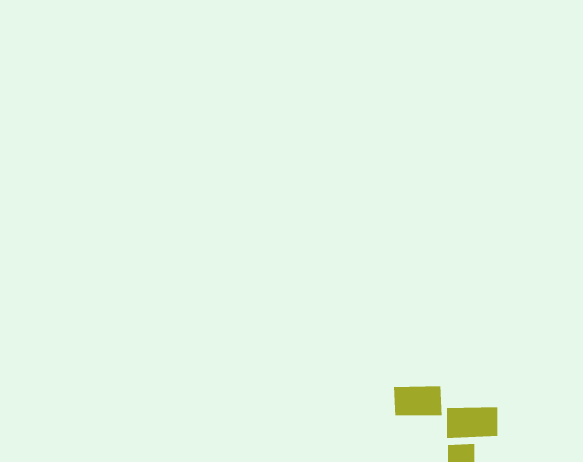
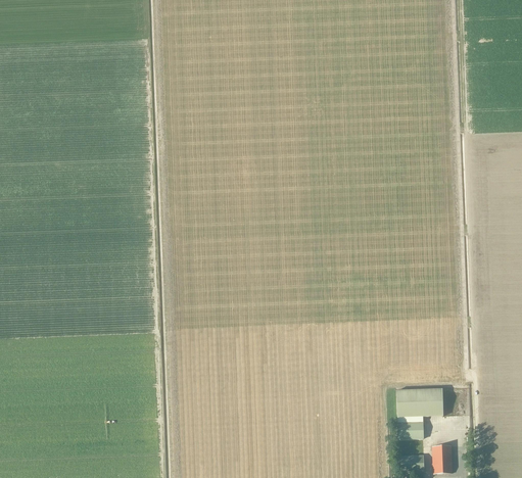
building: [393,385,443,416] -> none

